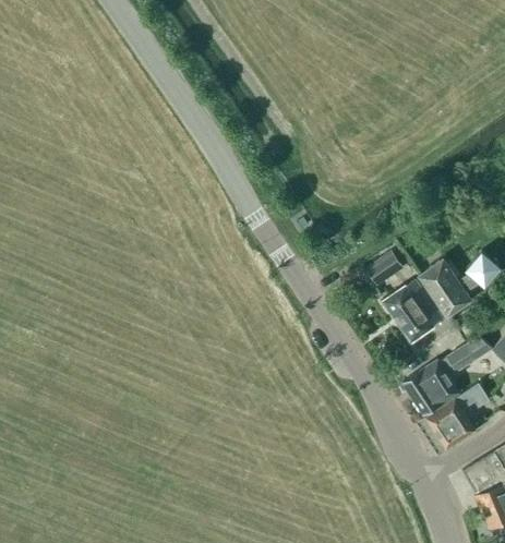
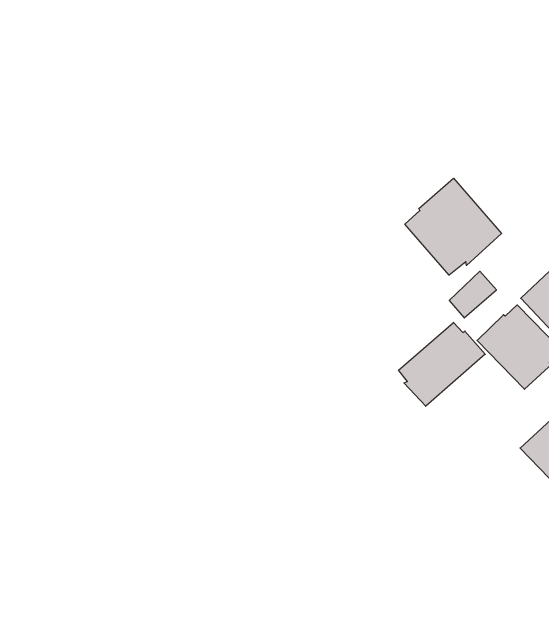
building: none -> [405,178,502,275]
building: none -> [399,322,485,406]

